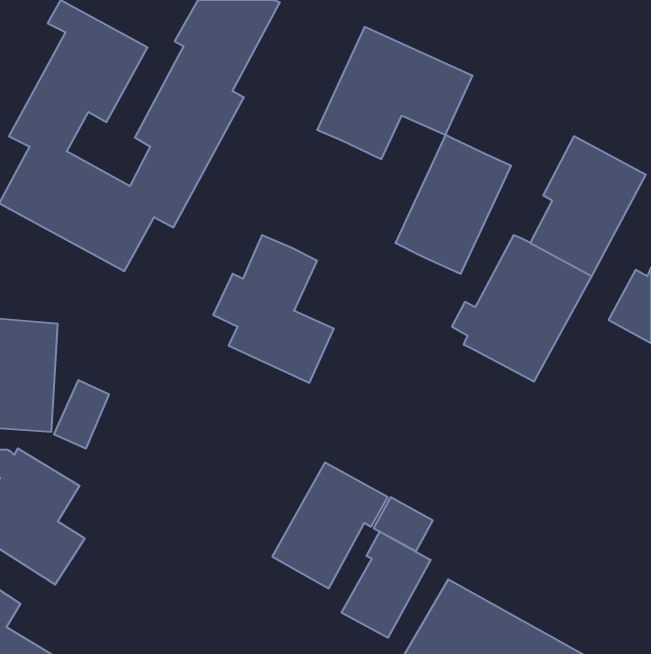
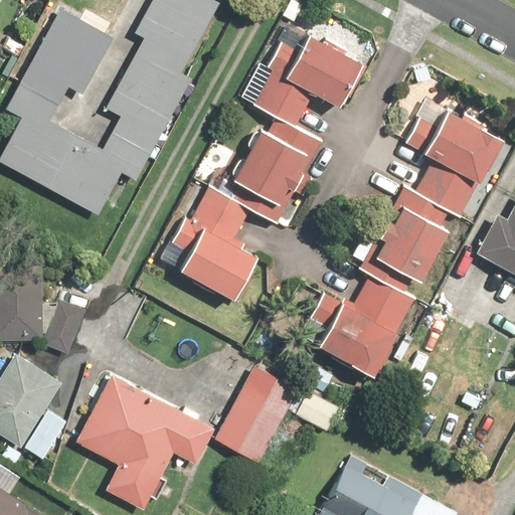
building: [395,135,511,274] -> [228,112,319,220]
building: none -> [308,274,418,375]
building: none -> [74,375,213,508]
building: [342,531,431,638] -> none

